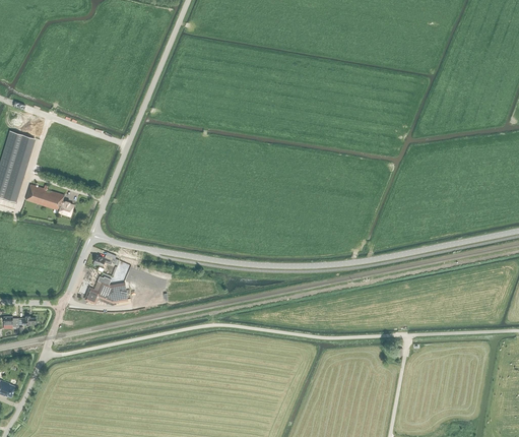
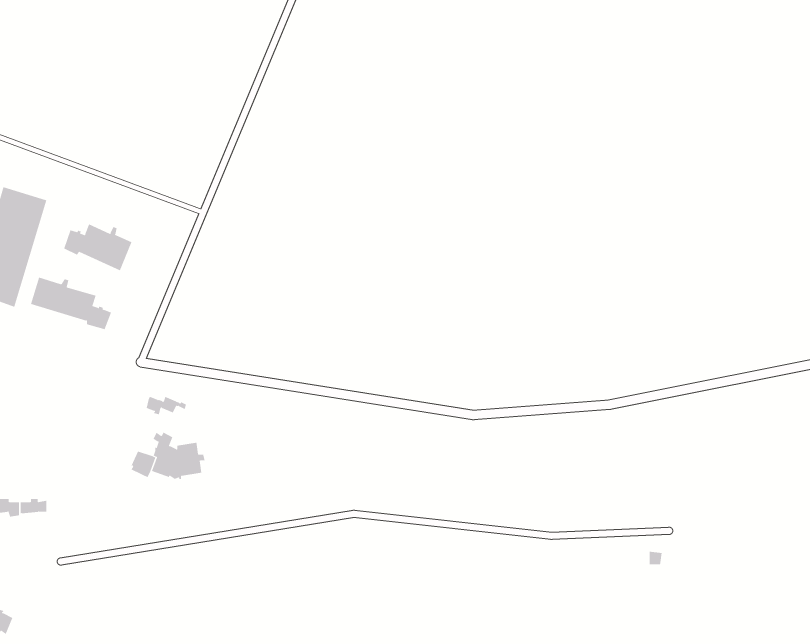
building: none -> [64,223,132,271]

